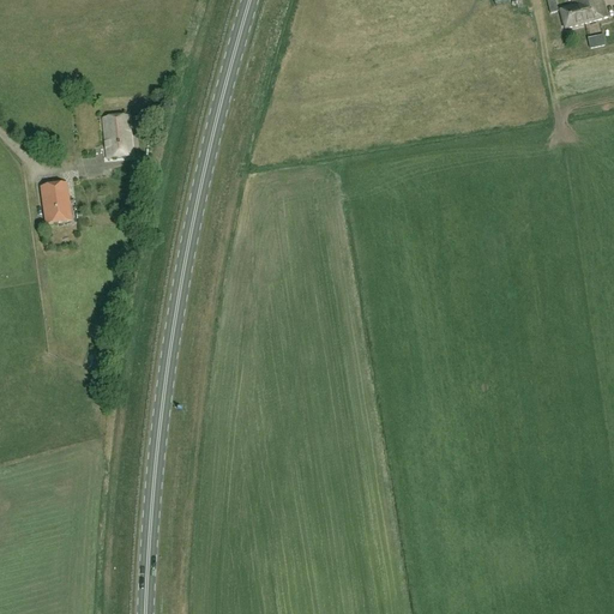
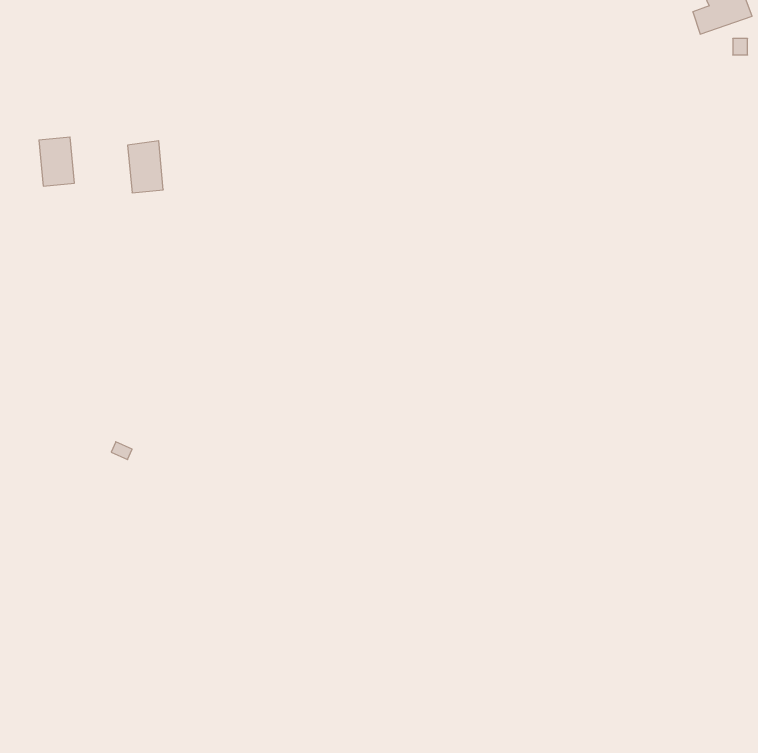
building: [41,180,70,219] -> [39,137,74,186]

